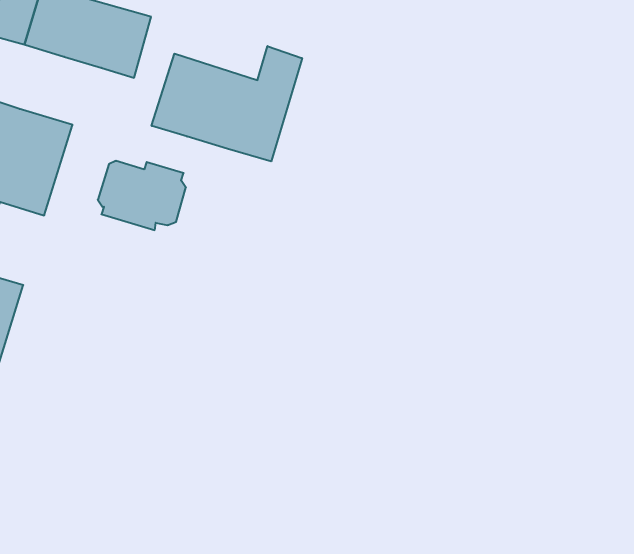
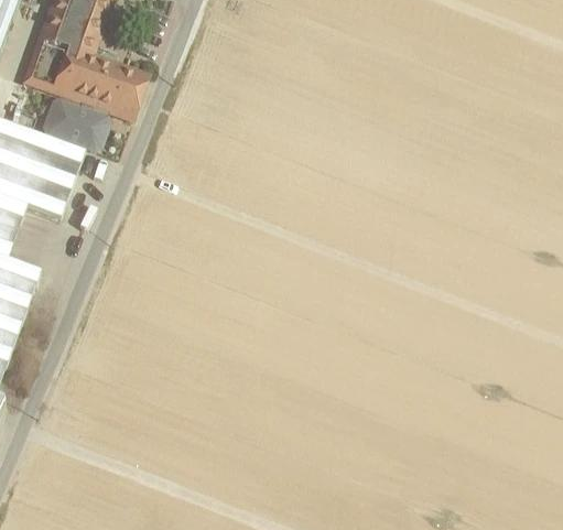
building: [152,46,302,161] -> none
building: [98,161,186,230] -> [42,97,109,151]

